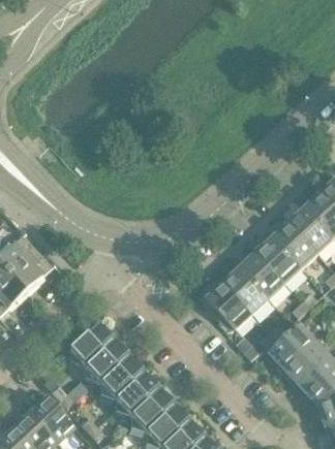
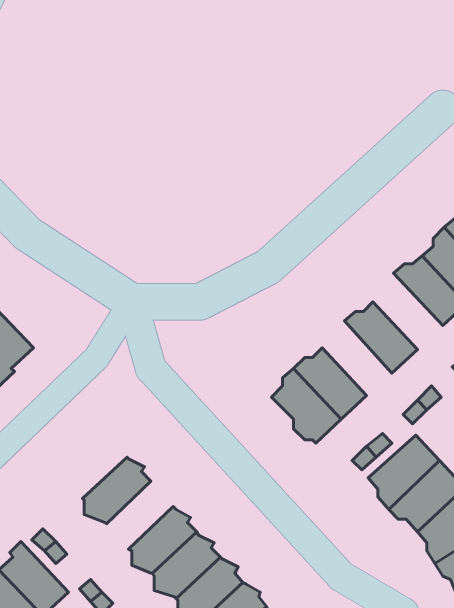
building: [273,219,318,268] -> none
building: [240,250,285,298] -> none
building: [68,322,113,365] -> none
building: [99,354,143,398] -> none

